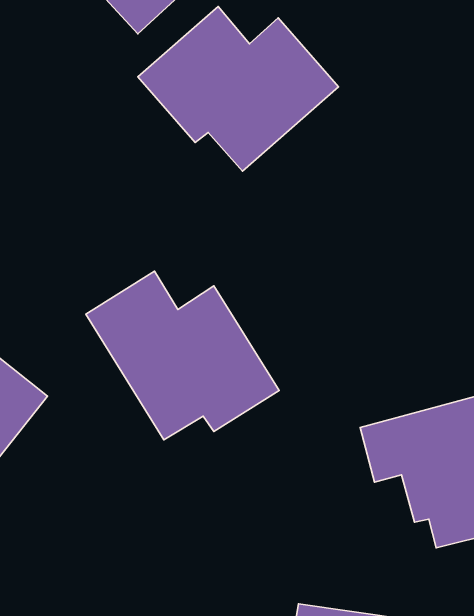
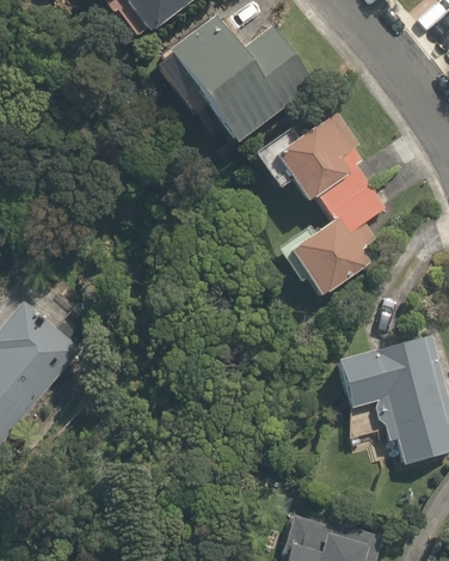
building: none -> [259,110,393,304]
building: [86,271,279,440] -> none

